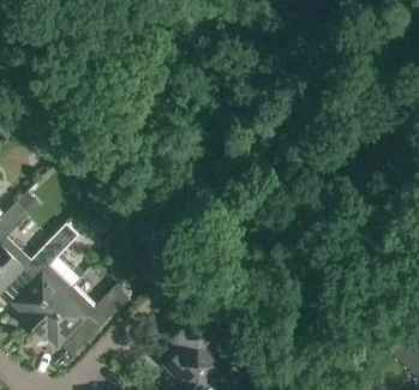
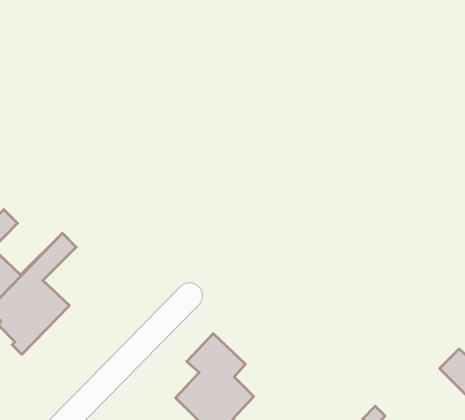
building: [31,286,128,356] -> none

